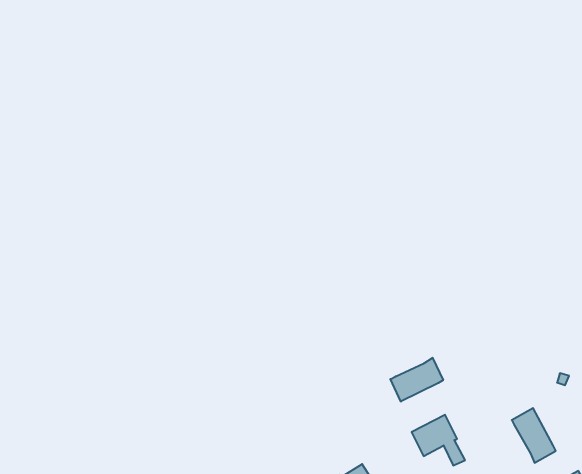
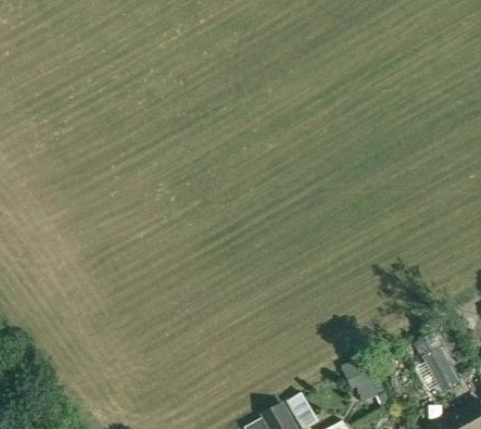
building: [390,358,443,402] -> none

